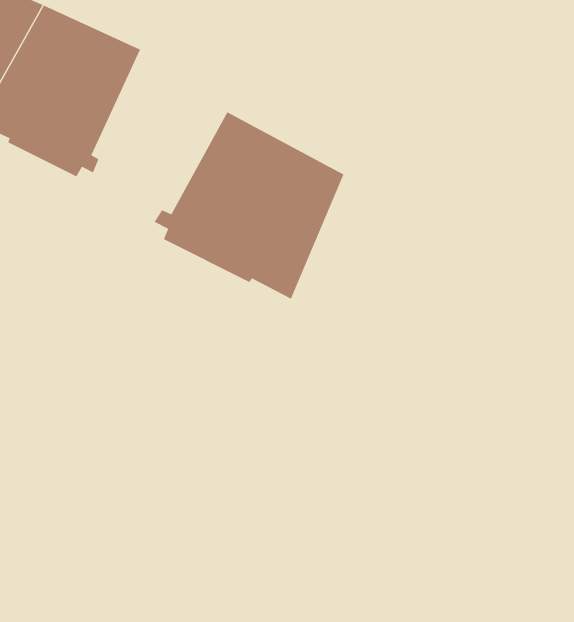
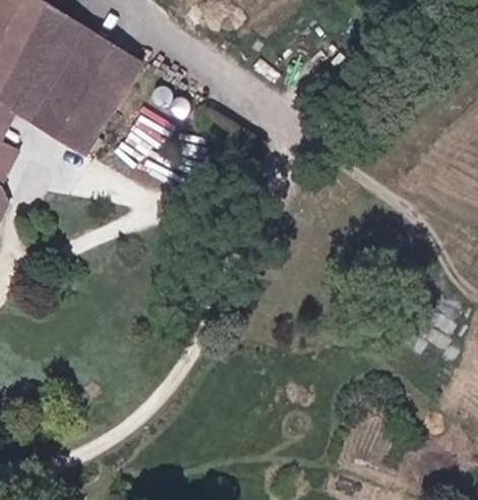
building: [154,112,344,299] -> none

